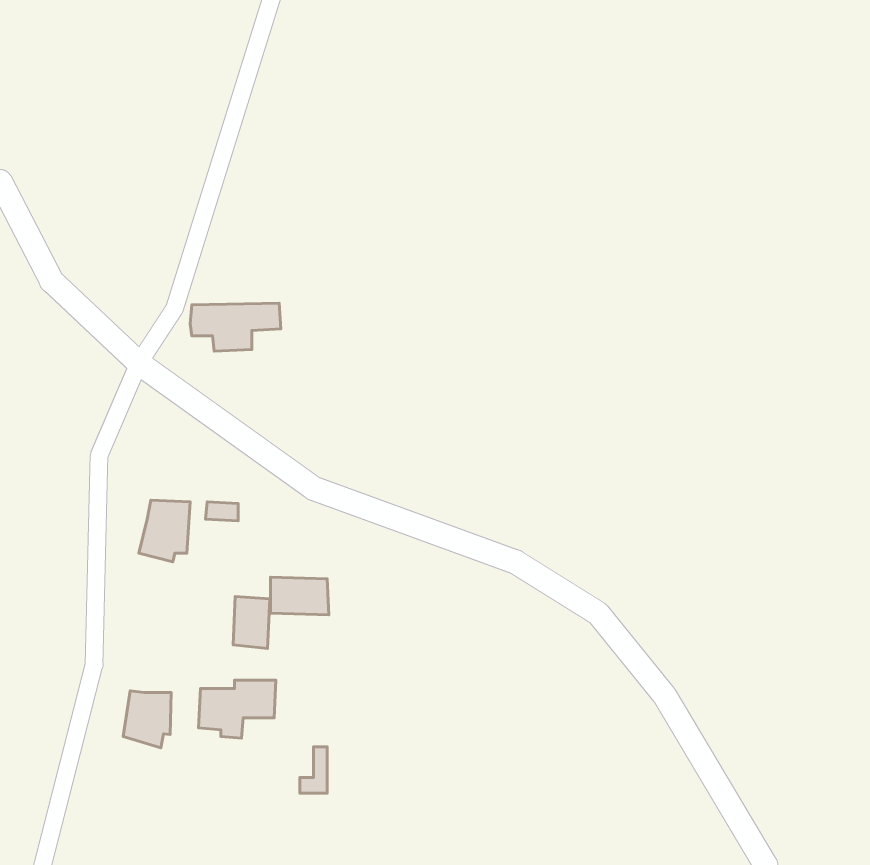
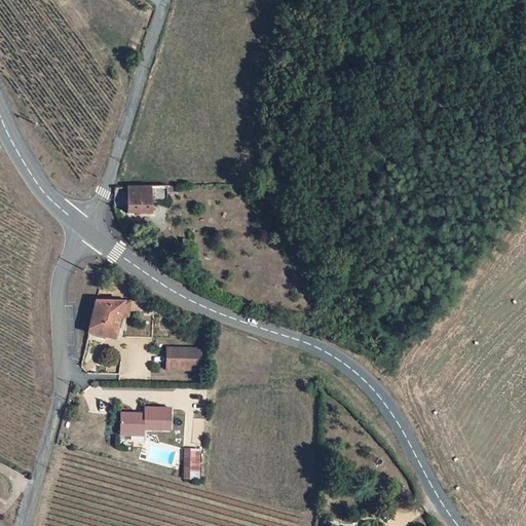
building: [233,597,270,649] -> none
building: [123,691,171,748] -> none

